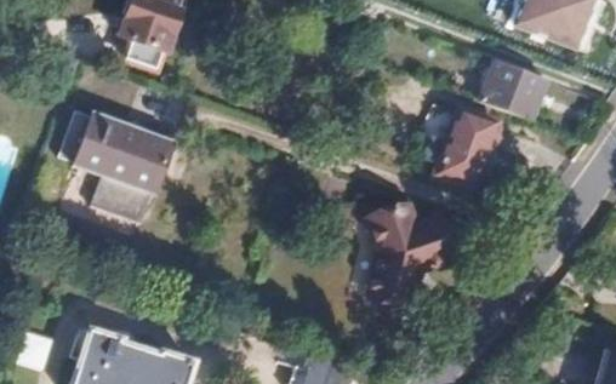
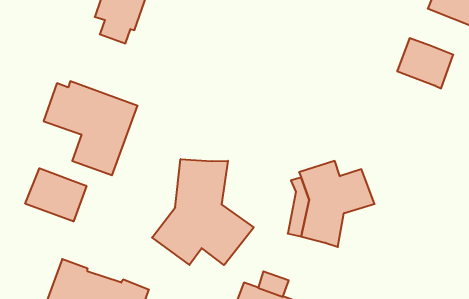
building: [423,104,498,184] -> none
building: none -> [152,159,254,265]
building: none -> [25,168,86,221]

